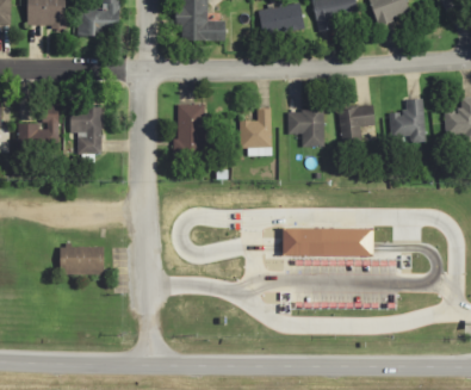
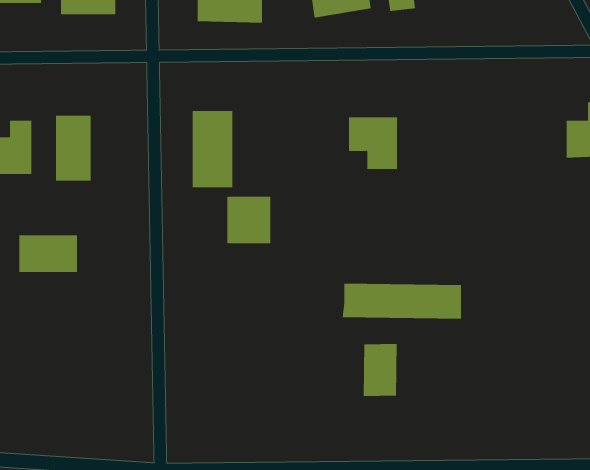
building: [389,98,424,142] -> none
building: [337,106,376,144] -> none
building: [238,119,271,154] -> [227,196,271,244]
building: [62,247,105,274] -> [19,235,78,273]
building: none -> [363,343,397,397]

